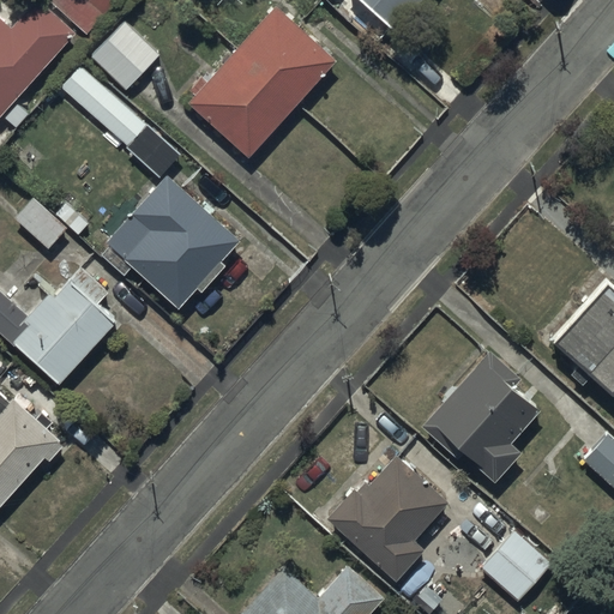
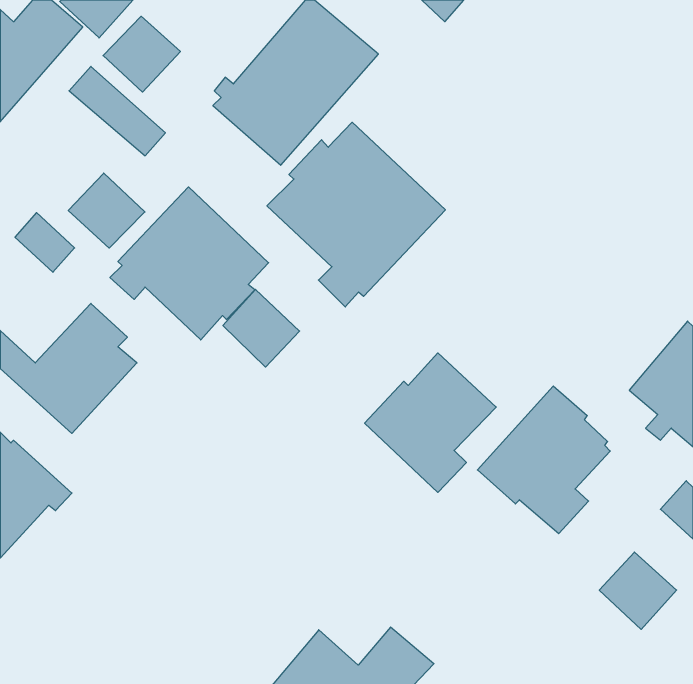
building: none -> [267,122,445,307]
building: none -> [68,173,145,248]
building: none -> [223,289,300,367]
building: [332,463,449,586] -> [365,353,496,492]
building: [486,540,554,608] -> [599,552,677,629]

